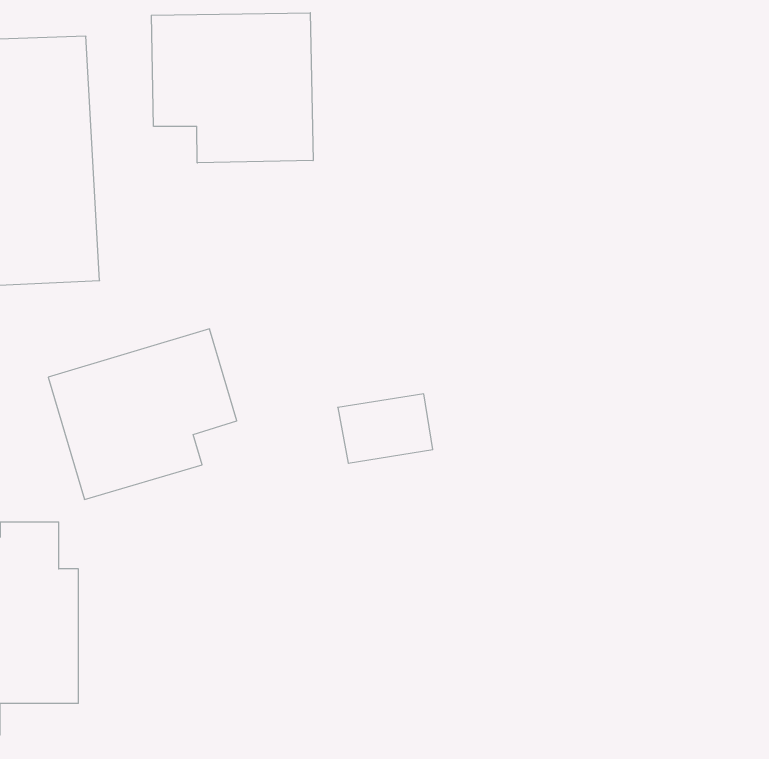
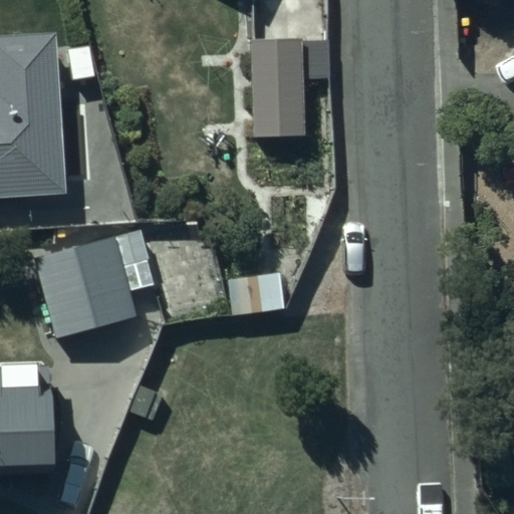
building: [151,13,313,163] -> none
building: none -> [249,38,329,137]

